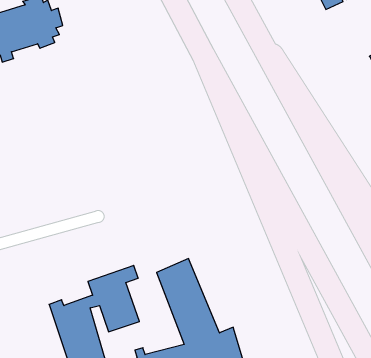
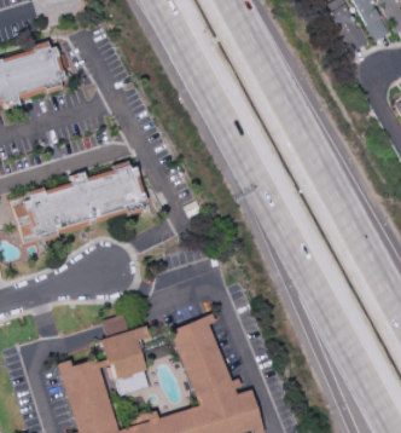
building: none -> [11,163,146,246]

